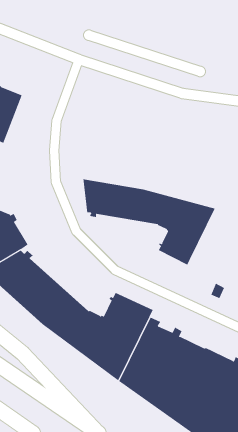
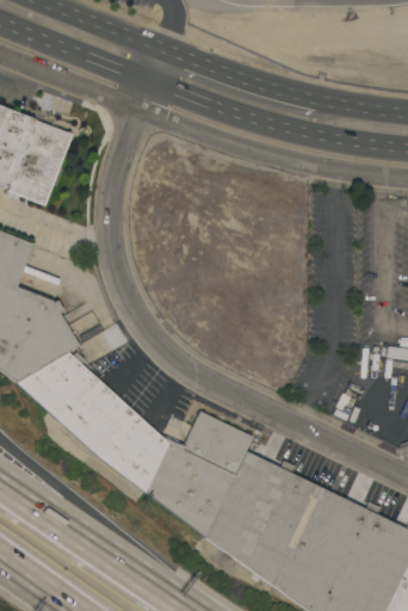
building: [83,178,216,265] -> none

